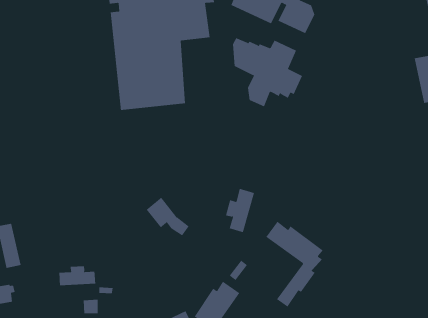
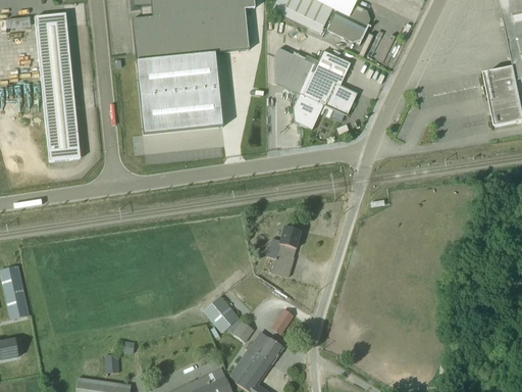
building: none -> [35,14,80,160]
building: [146,197,189,236] -> [203,296,254,342]
building: [265,221,324,308] -> none
building: [59,265,96,286] -> none

